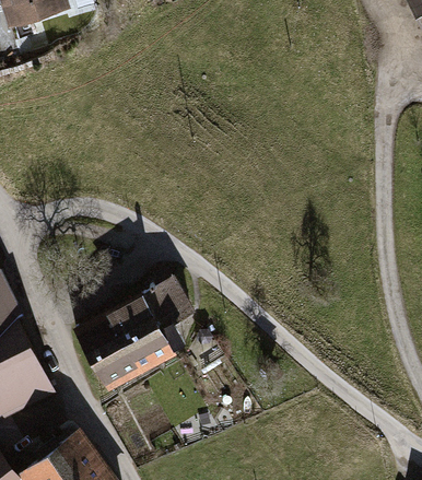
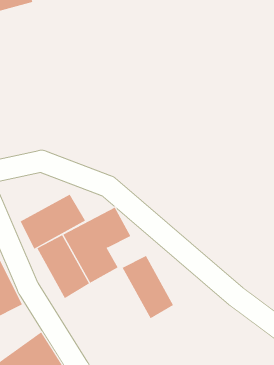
building: none -> [20,194,86,249]
building: none -> [122,255,174,319]

